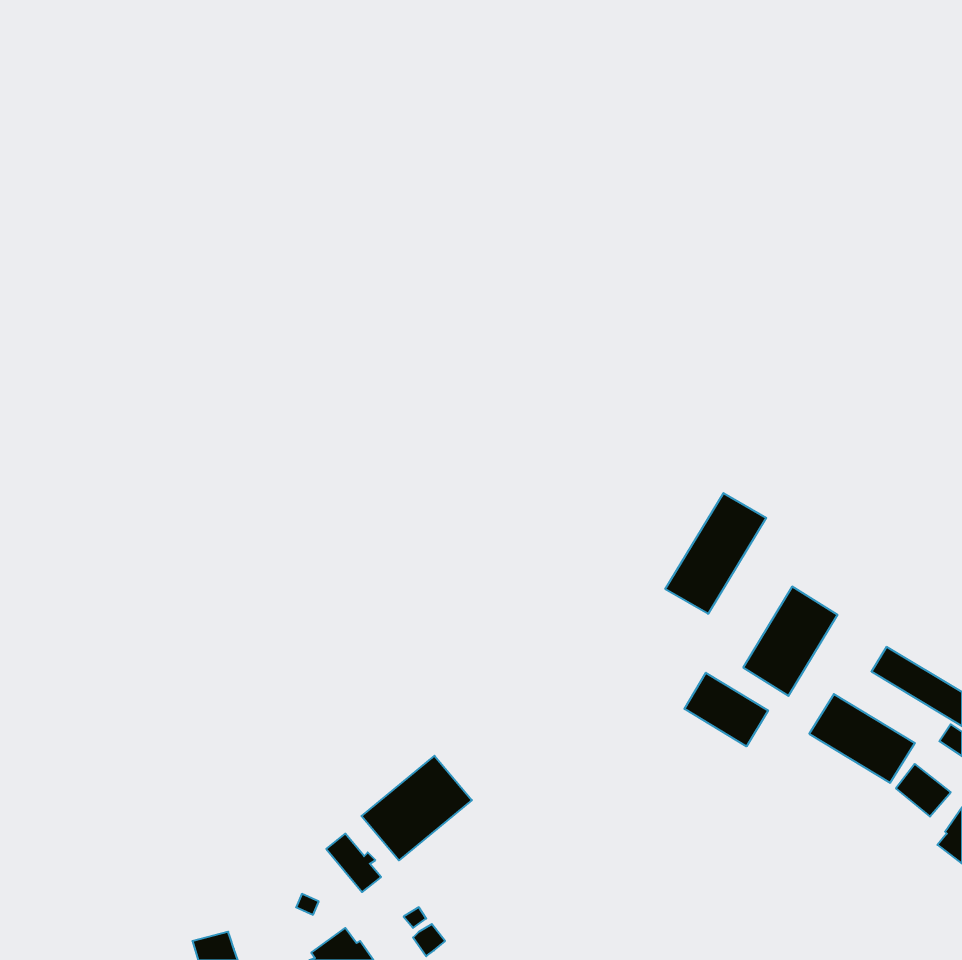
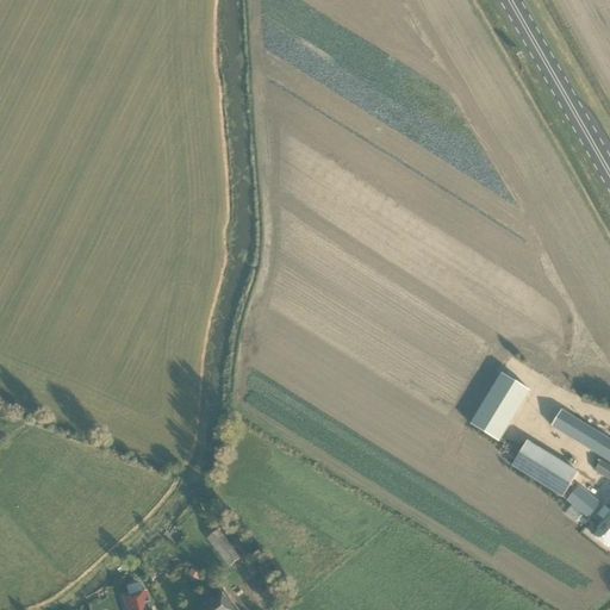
building: [665,493,766,614] -> none
building: [684,673,768,746] -> none
building: [361,756,472,860] -> none

